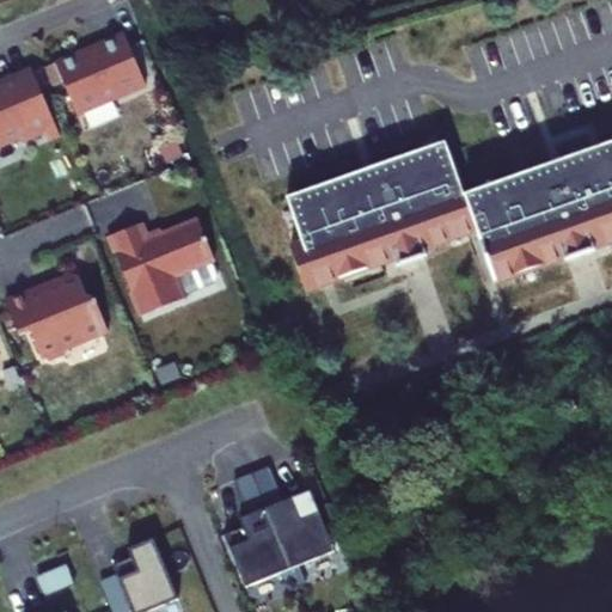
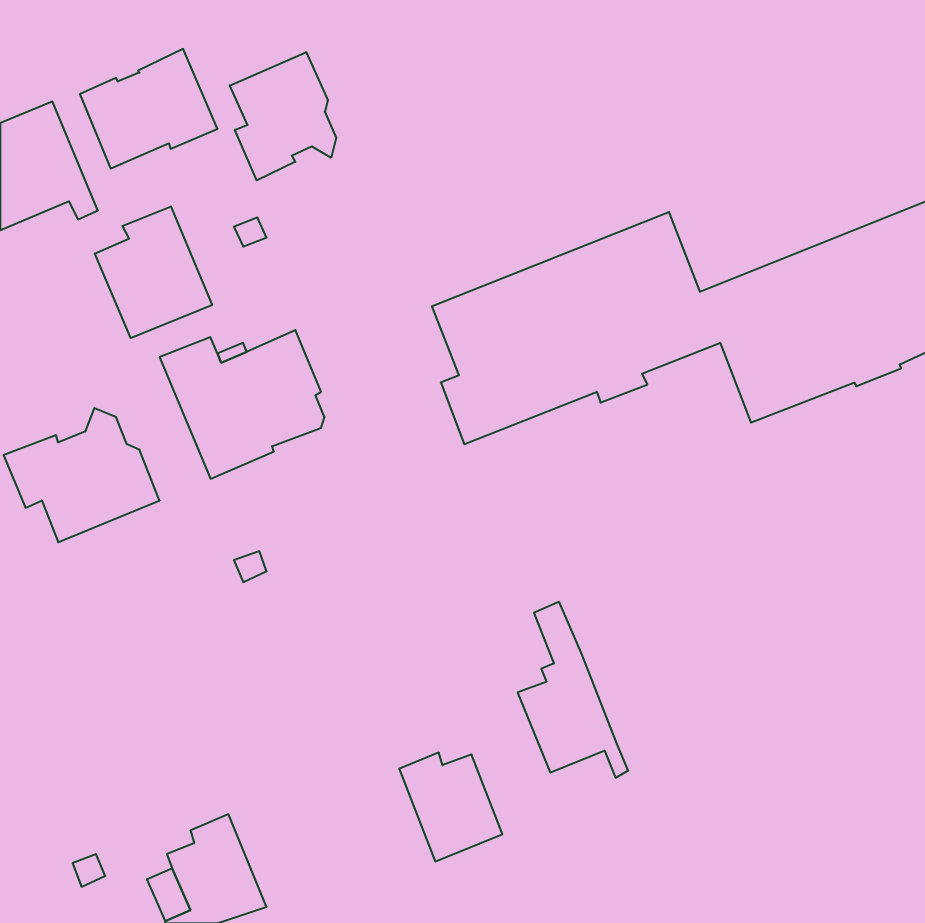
building: none -> [230,52,336,180]
building: none -> [95,206,212,338]
building: [222,473,295,589] -> [518,602,628,778]

